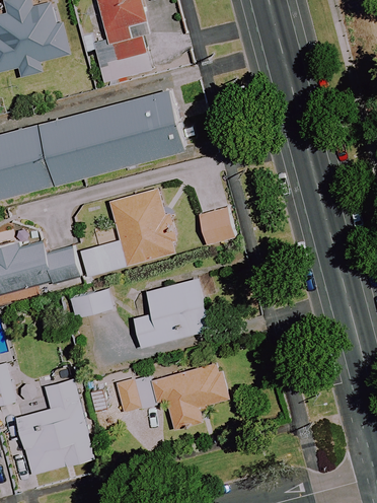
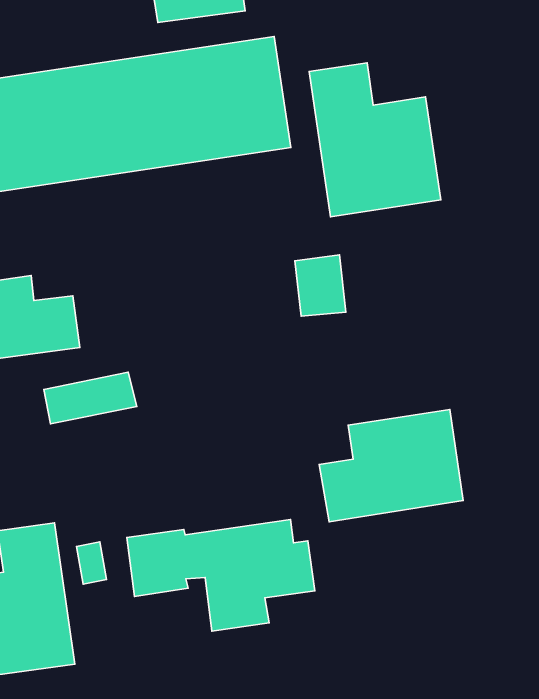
building: none -> [309,63,441,217]
building: [78,189,178,277] -> none
building: [131,277,216,349] -> [319,409,463,522]

